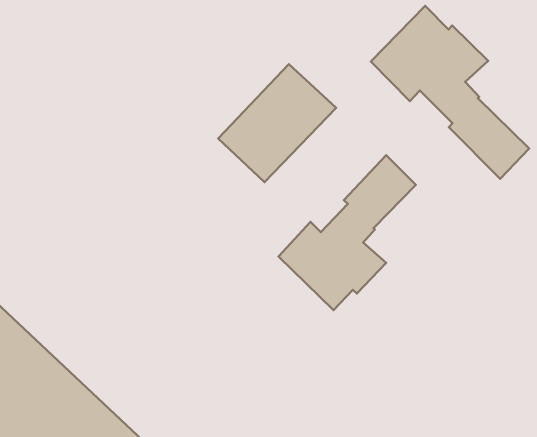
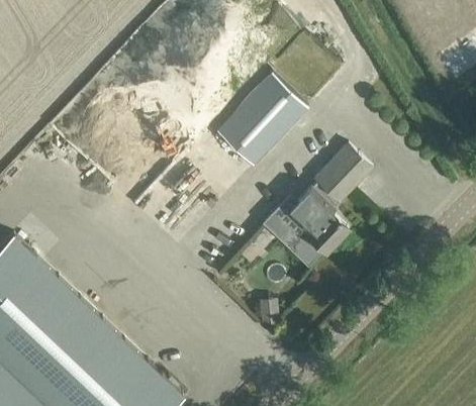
building: [371,6,529,179] -> none

